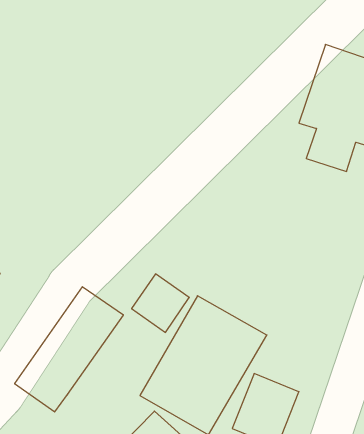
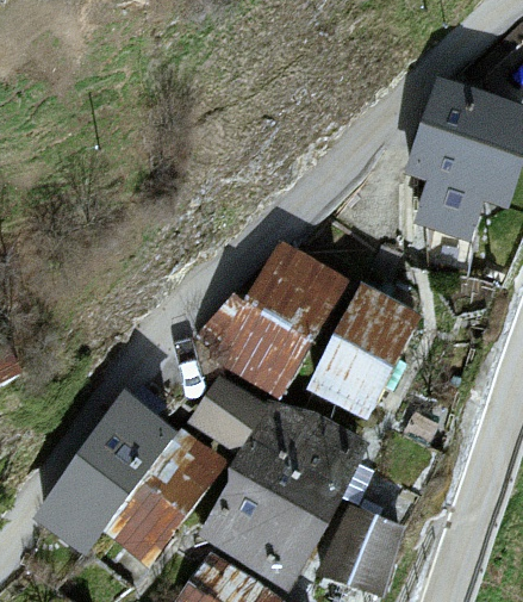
building: none -> [212,243,347,398]
building: none -> [304,283,421,421]
building: none -> [104,424,226,565]

